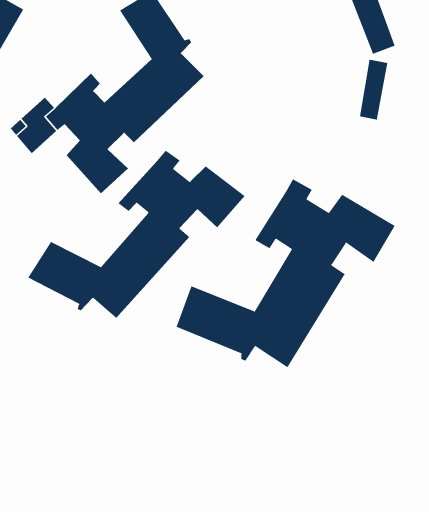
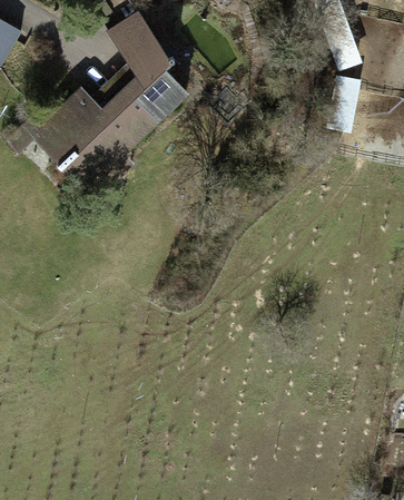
building: [27,150,245,319] -> none
building: [176,179,395,368] -> none

